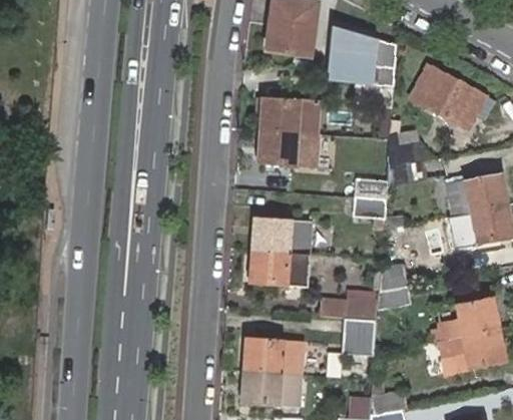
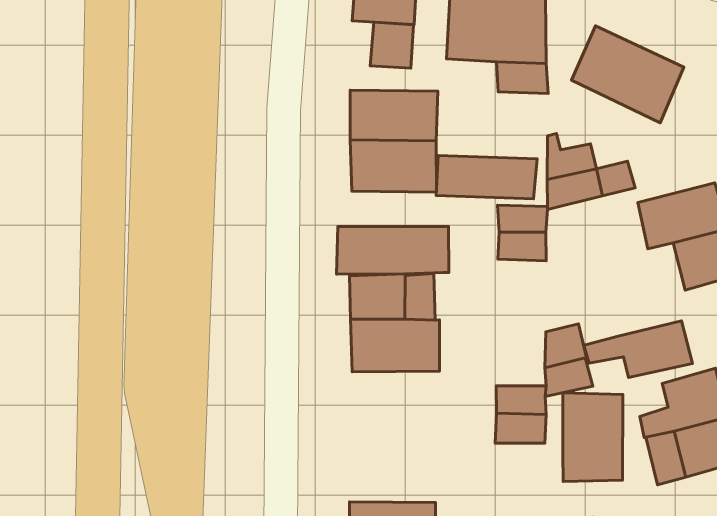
building: none -> [370,22,413,68]
building: none -> [436,156,537,199]
building: none -> [336,226,449,274]
building: none -> [584,321,692,377]
building: none -> [563,393,623,481]
building: [244,338,304,374] -> none

